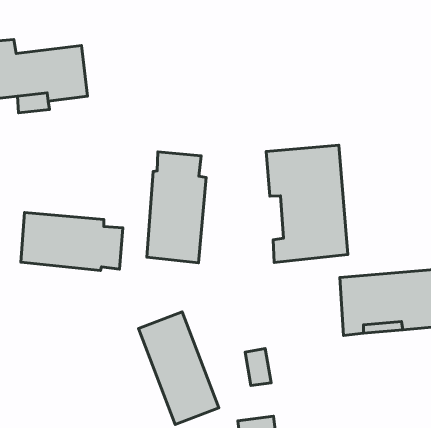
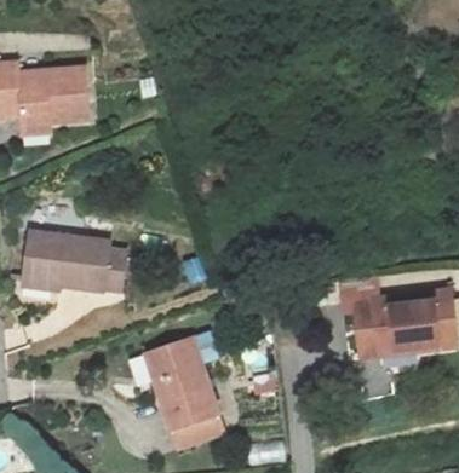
building: [266,145,348,262] -> none
building: [147,152,206,263] -> none

